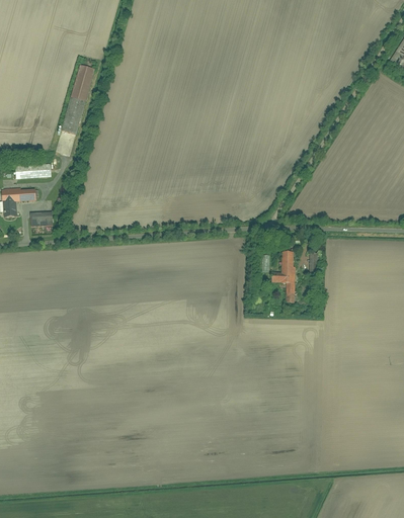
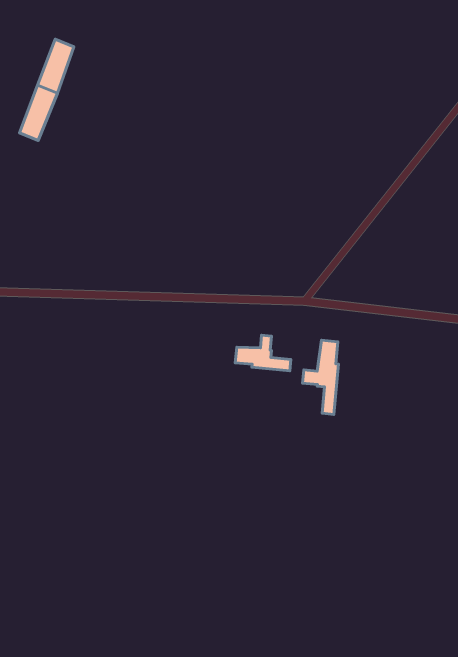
building: none -> [235,335,291,371]

